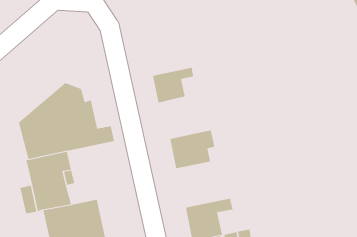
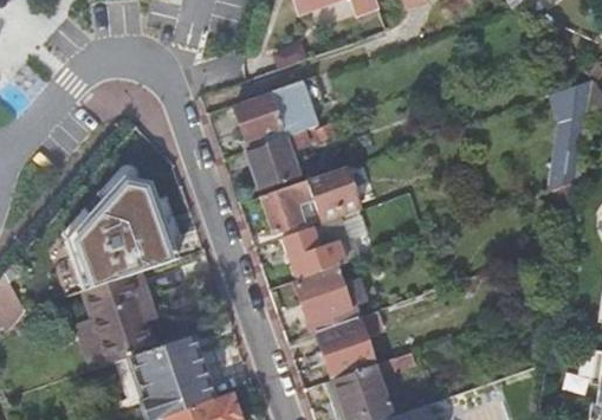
building: none -> [234,80,318,149]
building: none -> [261,167,360,232]
building: none -> [292,265,365,331]

